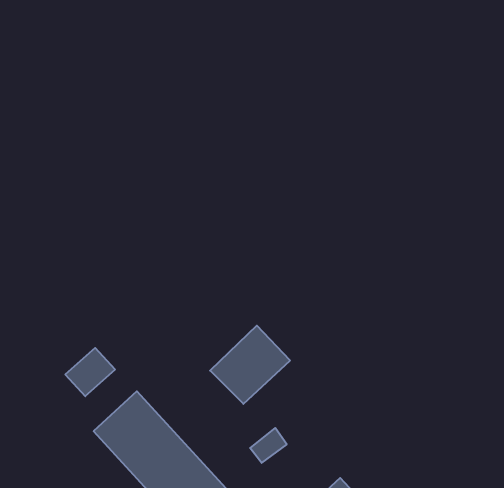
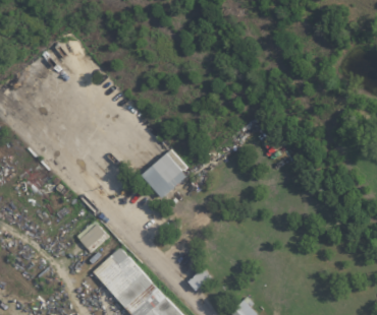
building: [210,326,290,404] -> [142,149,191,197]

